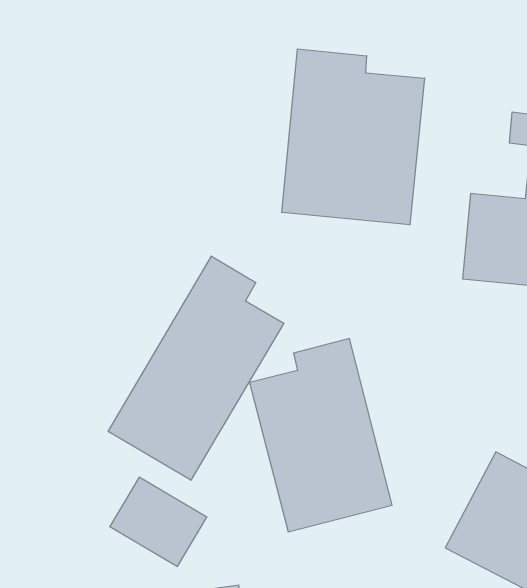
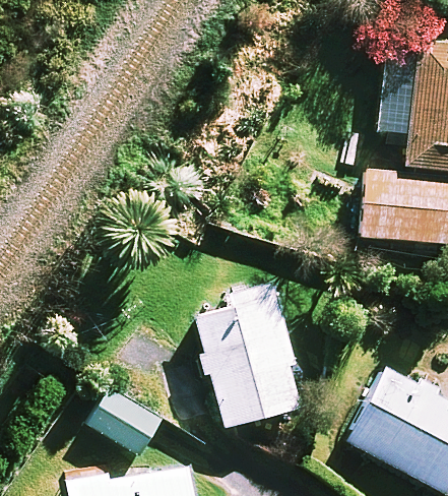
building: [282,49,424,225] -> none
building: [108,256,284,480] -> none

